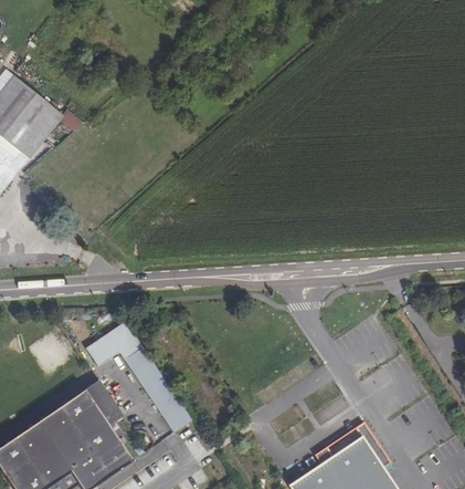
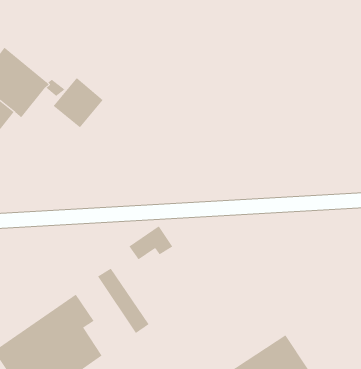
building: none -> [53,77,104,128]
building: [86,323,142,367] -> [129,226,173,260]

